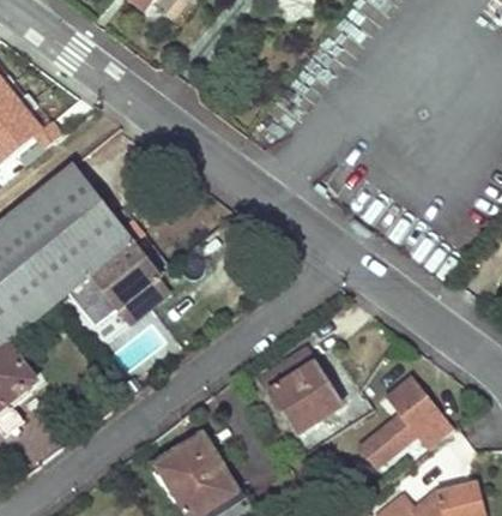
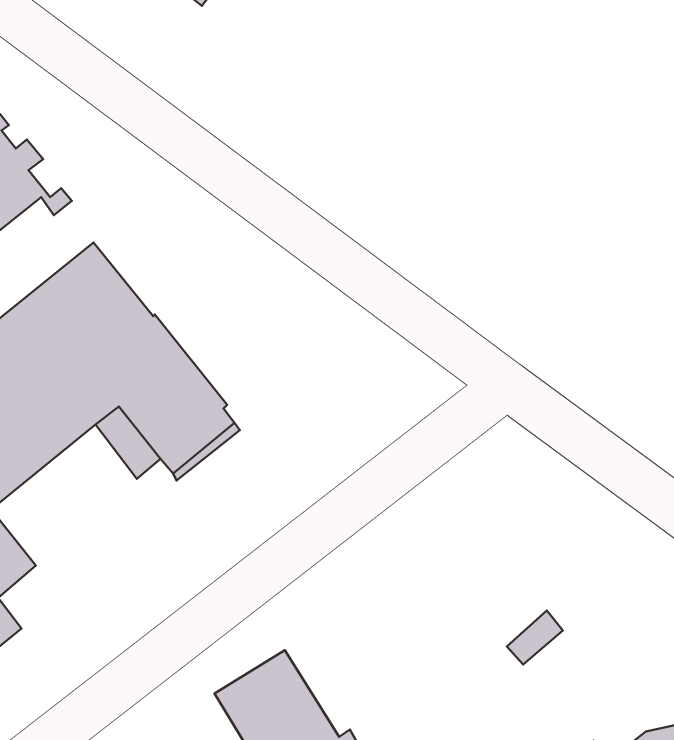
building: [259,346,338,427] -> none
building: [358,377,452,469] -> none

